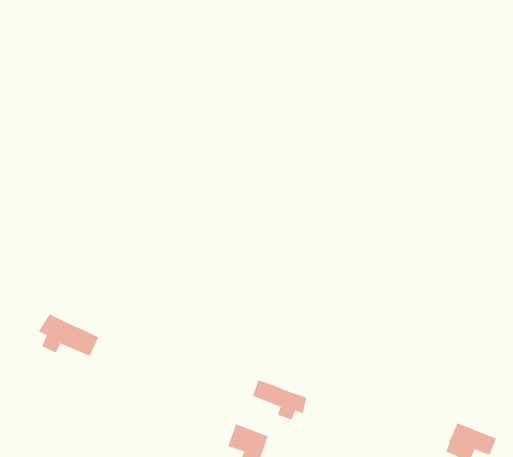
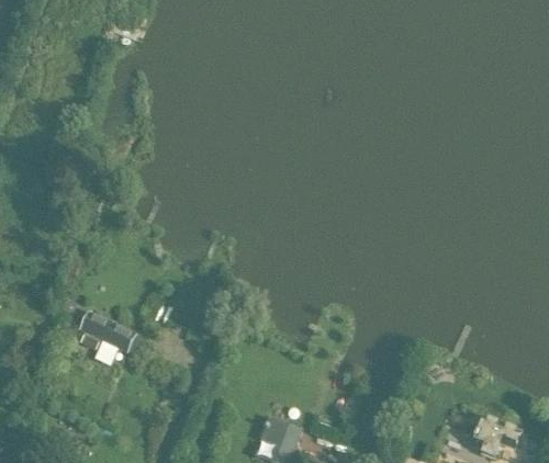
building: [252,380,307,421] -> none

